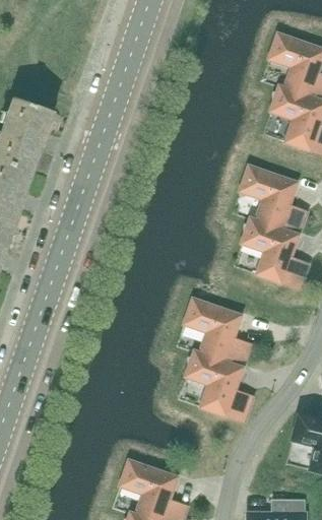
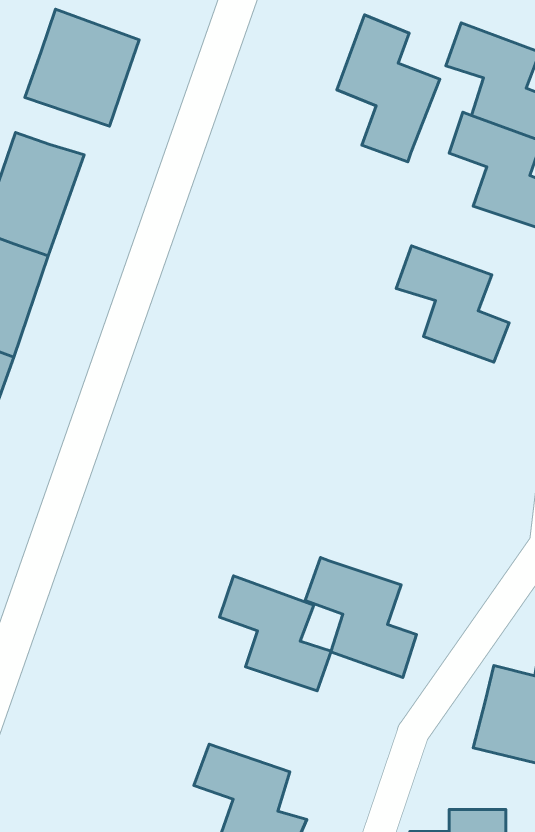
building: none -> [25,9,139,126]
building: none -> [337,15,440,162]
building: [241,218,307,288] -> none
building: [184,299,250,367] -> [220,576,331,691]

